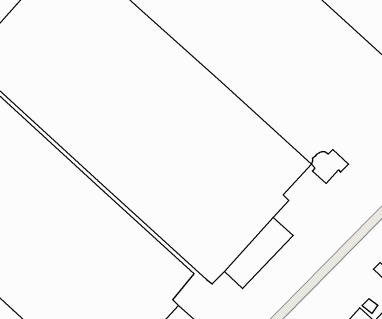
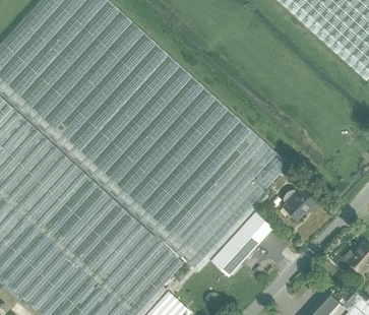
building: [311,150,349,183] -> [282,189,315,219]

